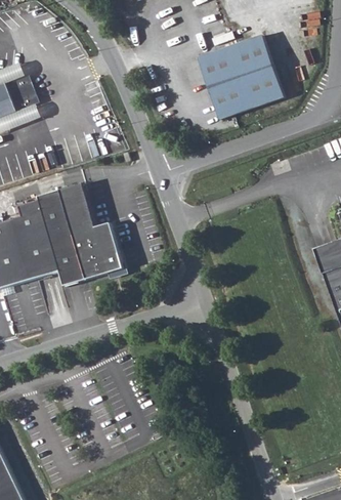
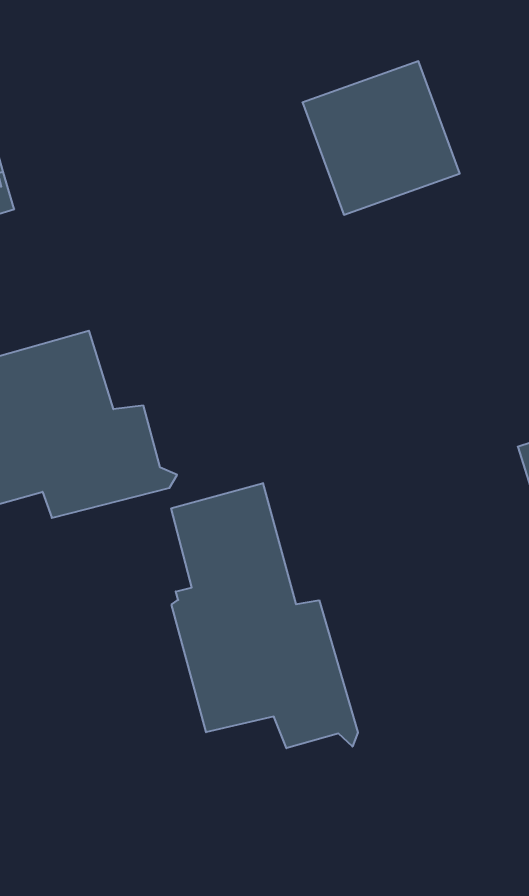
building: none -> [171,483,358,748]

